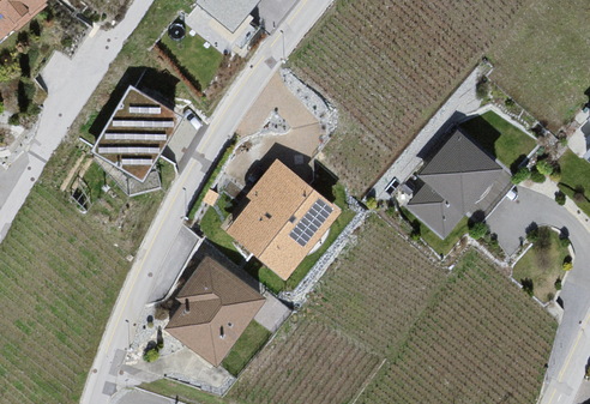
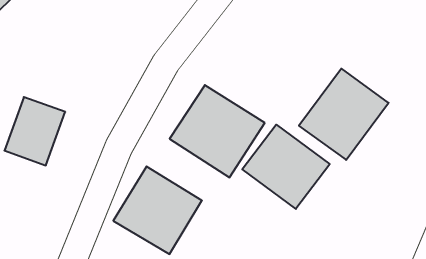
building: [89,89,168,177] -> [4,97,65,165]
building: none -> [242,125,330,209]

